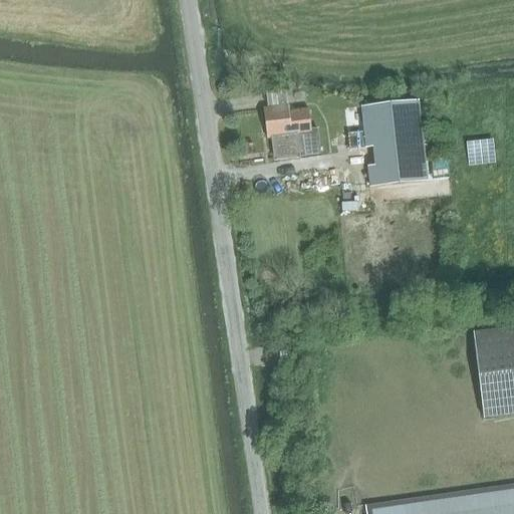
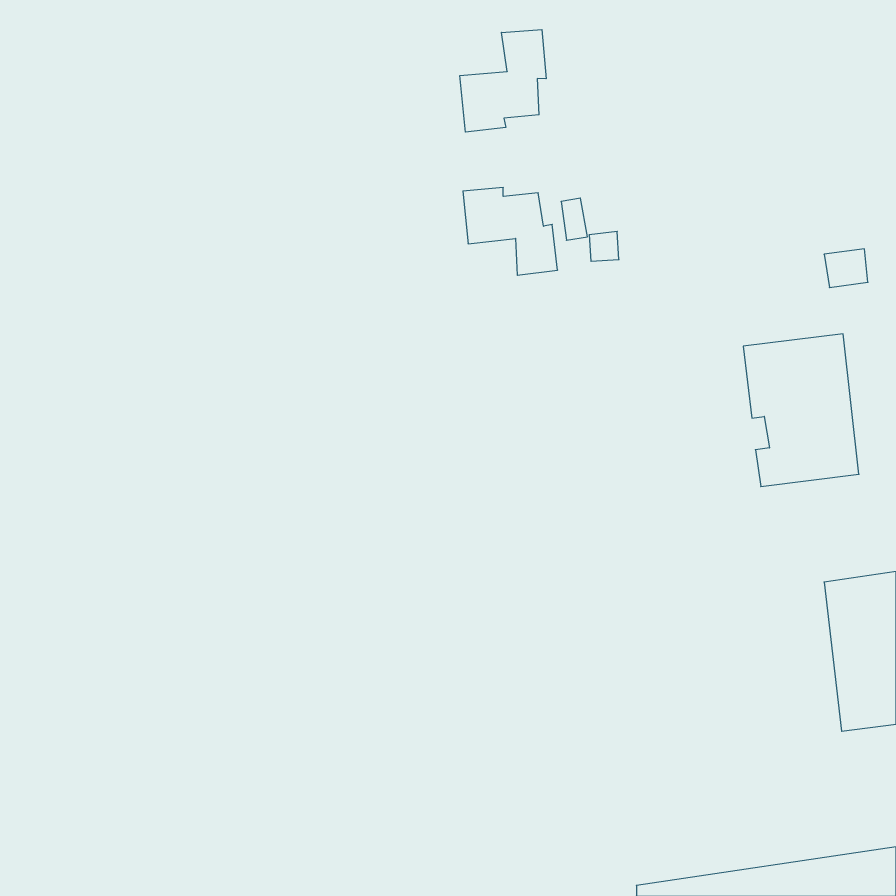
building: none -> [460,30,546,132]
building: [361,100,428,188] -> [743,334,859,487]

